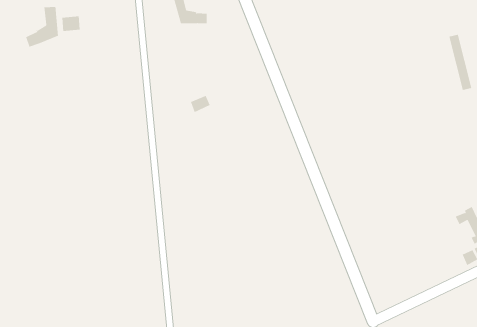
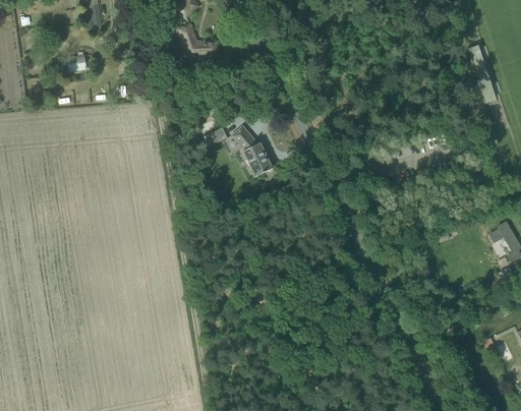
building: [25,6,58,48] -> none
building: none -> [231,125,272,175]

